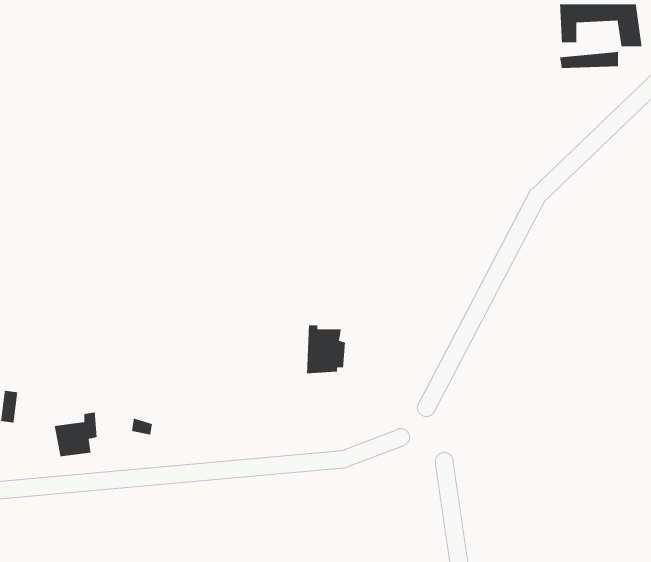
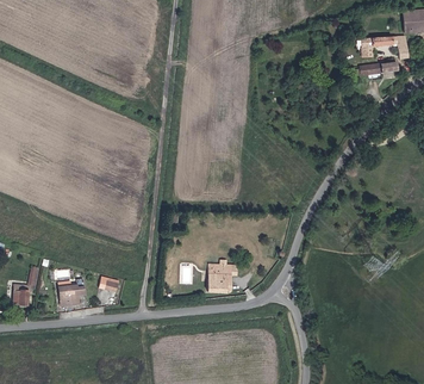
building: [306,324,346,374] -> [208,268,232,298]

